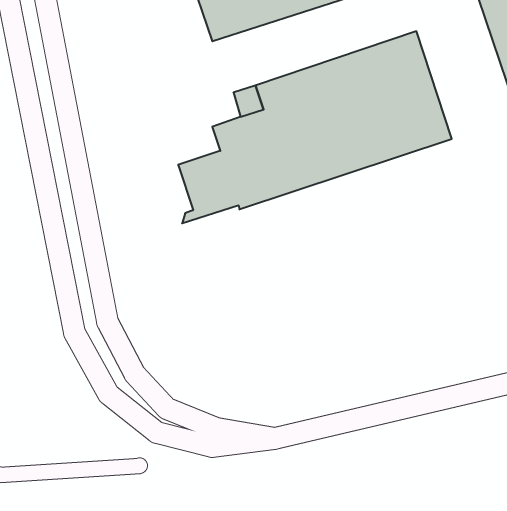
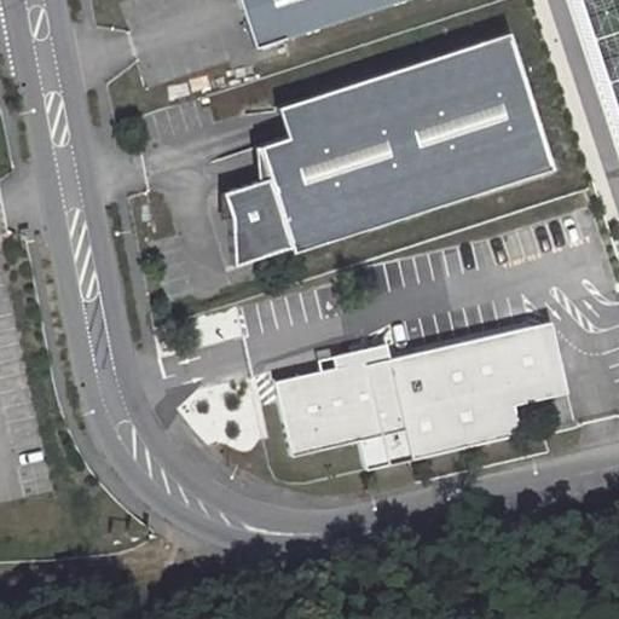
building: none -> [278,323,553,468]

